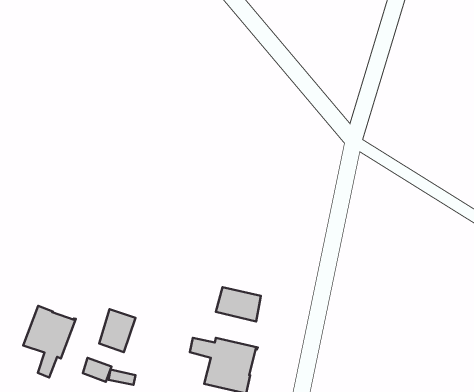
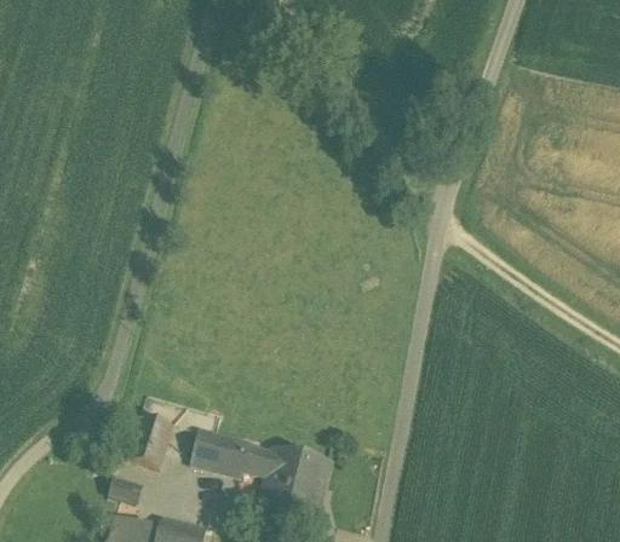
building: [216,287,261,322] -> [191,429,248,473]
building: [23,306,76,378] -> none

